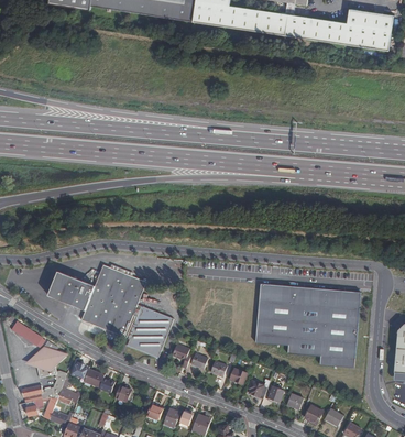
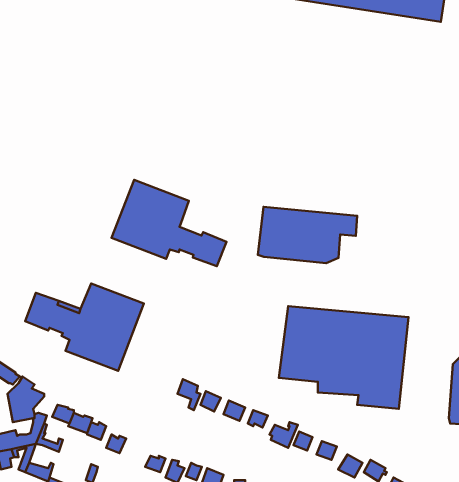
building: none -> [112,180,226,266]
building: none -> [258,207,357,263]
building: [122,304,173,357] -> none

